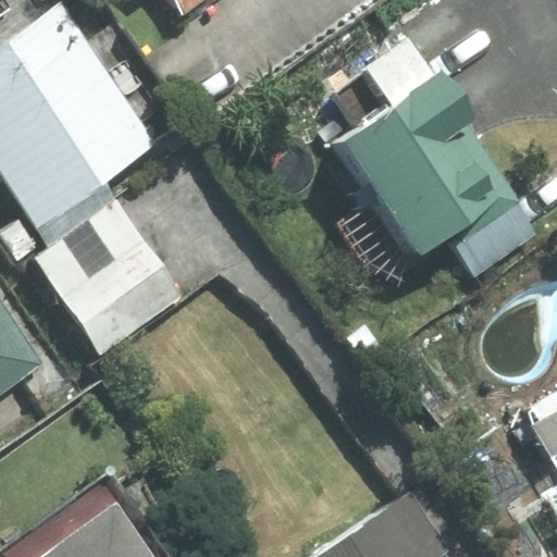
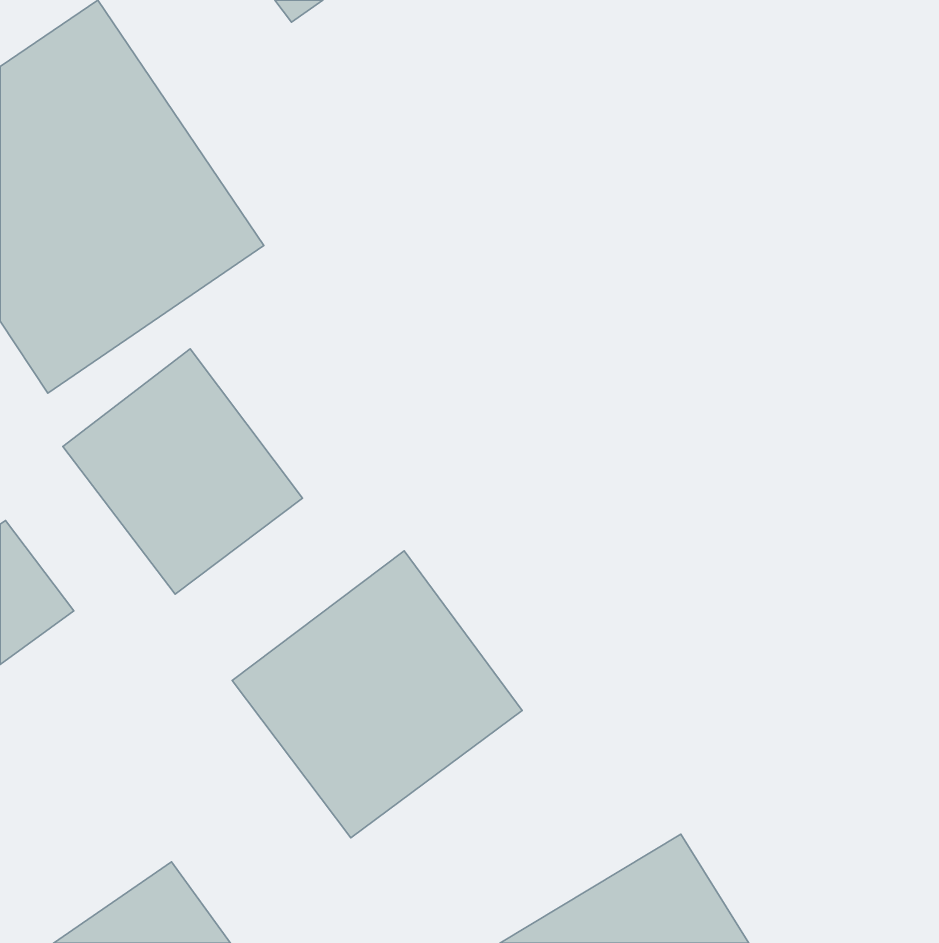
building: [324,75,539,278] -> none
building: none -> [232,551,522,838]

